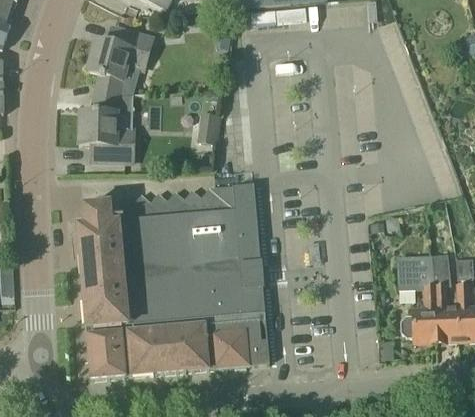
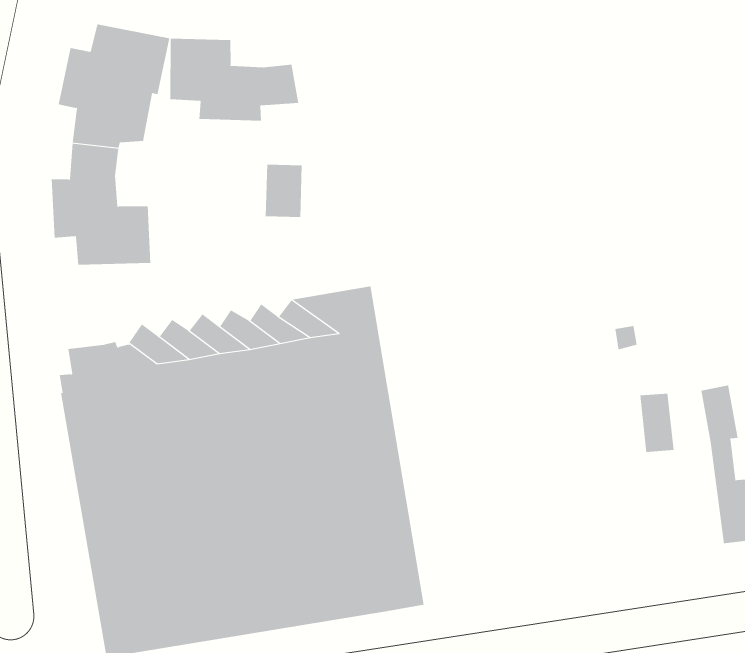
building: none -> [170,38,299,121]
building: [400,284,437,342] -> none

